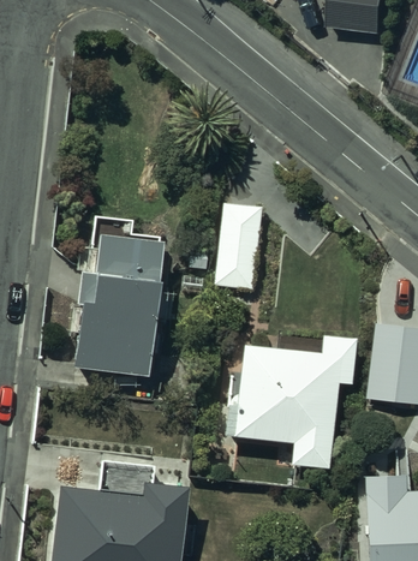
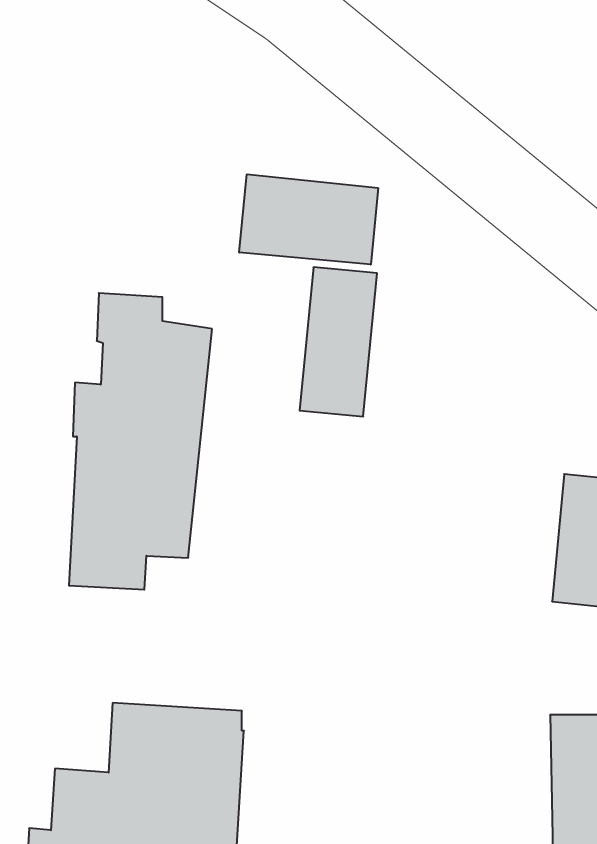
building: none -> [239,174,378,265]
building: [223,334,357,469] -> none

